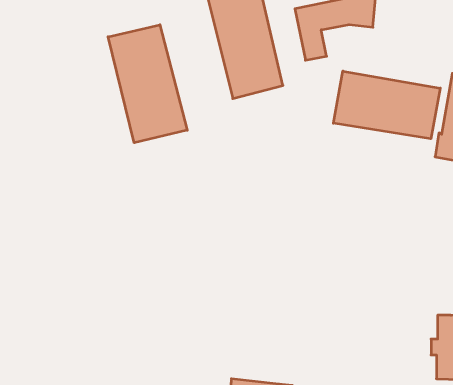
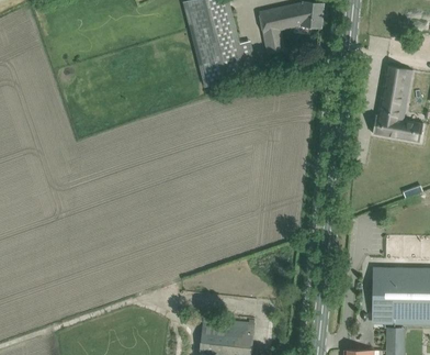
building: [108,25,187,143] -> none
building: [333,71,440,139] -> none

